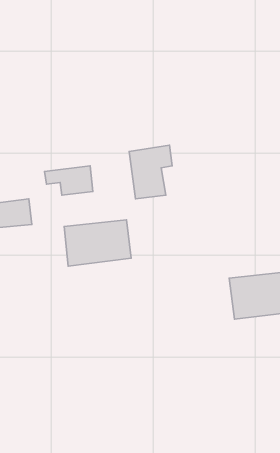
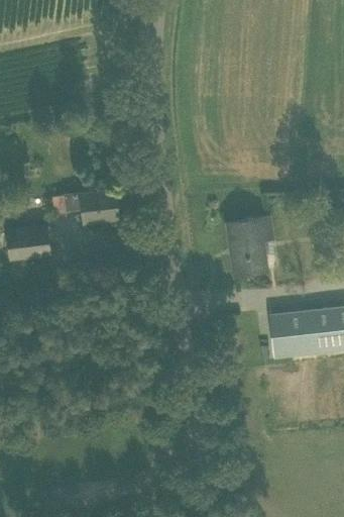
building: [129,145,172,199] -> [226,217,273,277]
building: [64,220,131,266] -> none

